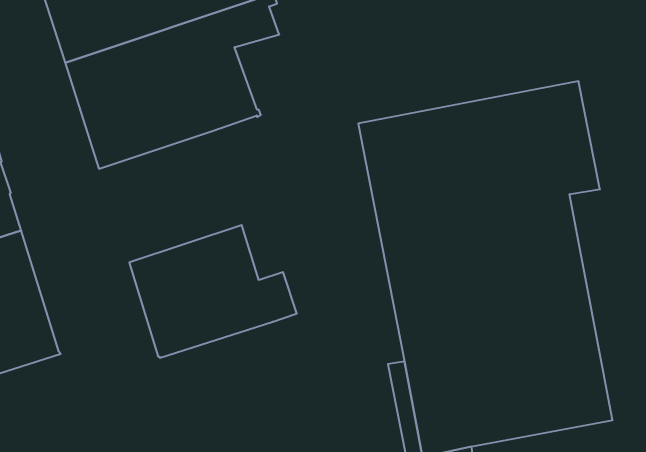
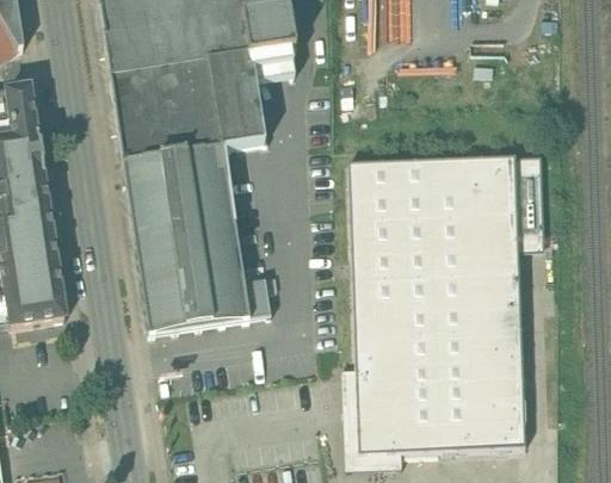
building: none -> [124,148,237,248]

